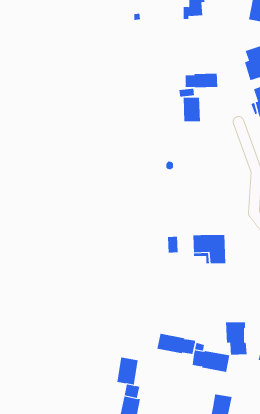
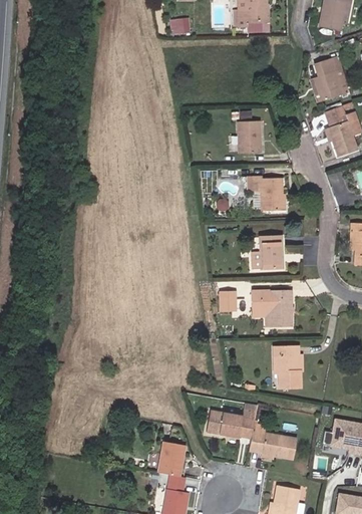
building: [185,73,218,88] -> none
building: none -> [248,176,282,210]
building: none -> [260,236,282,268]
building: [225,322,247,355] -> [274,346,301,388]

